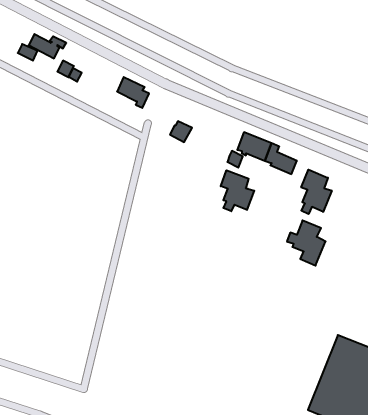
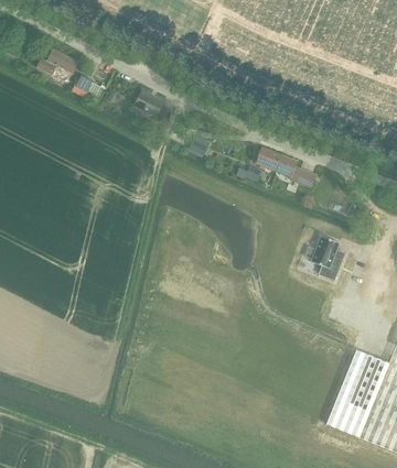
building: [301,170,332,214] -> none
building: [221,170,254,211] -> none

